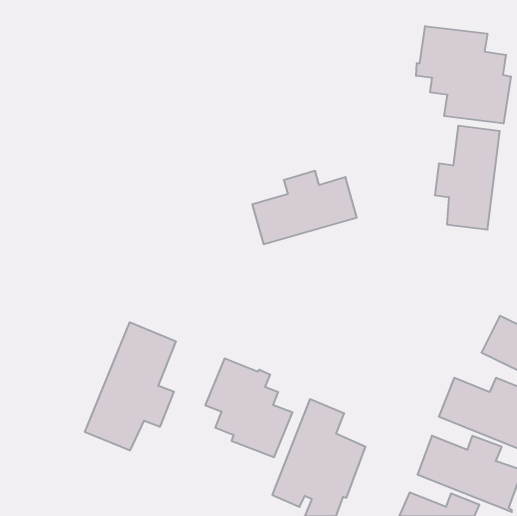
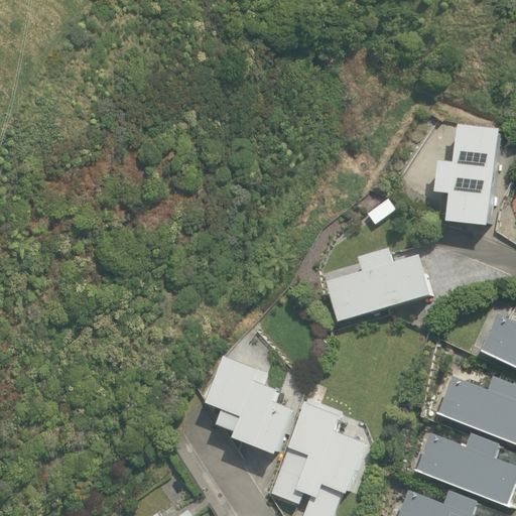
building: [416,26,511,124] -> none
building: [252,171,357,244] -> [327,248,430,320]
building: [85,322,176,450] -> none

